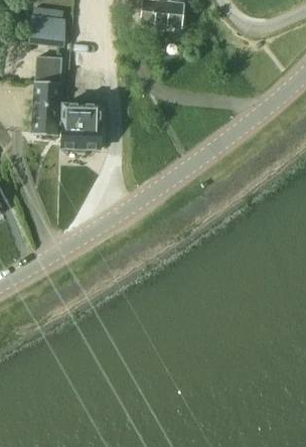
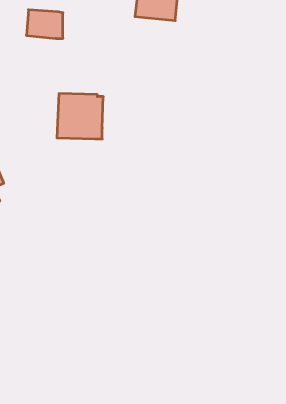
building: [30,55,61,133] -> none

